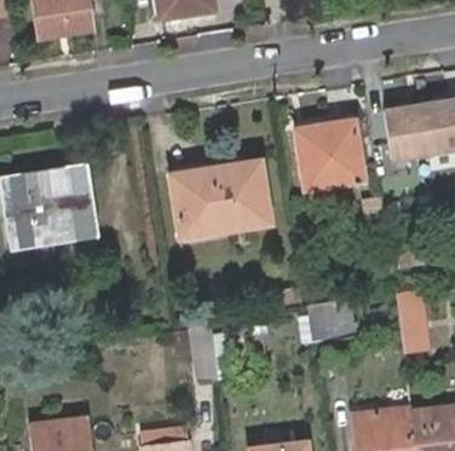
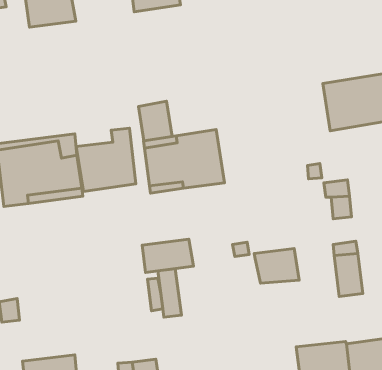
building: [295,118,362,185] -> none
building: none -> [139,101,172,141]
building: none -> [76,128,136,192]
building: none -> [142,239,193,273]

